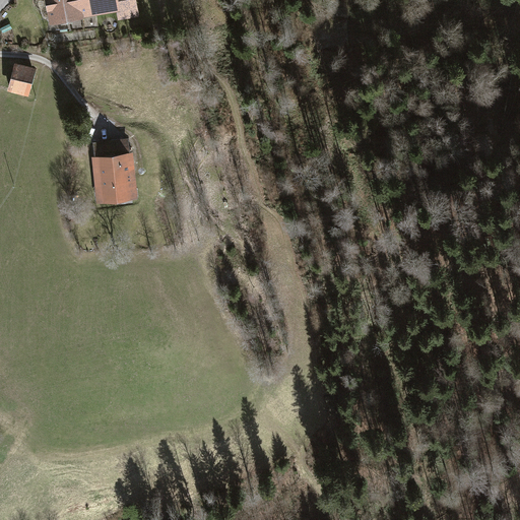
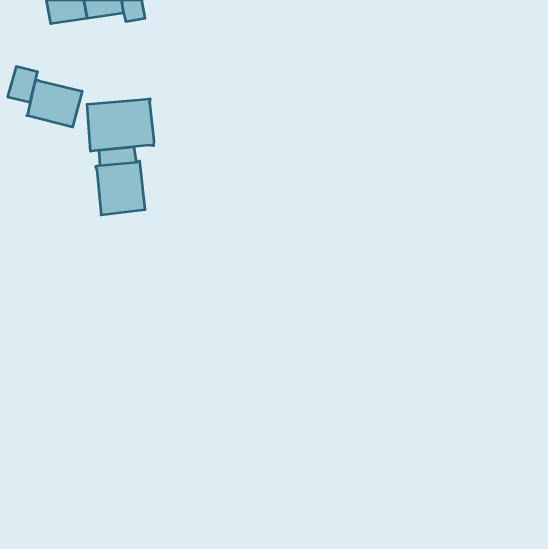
building: none -> [27,80,82,127]
building: none -> [87,99,154,151]

